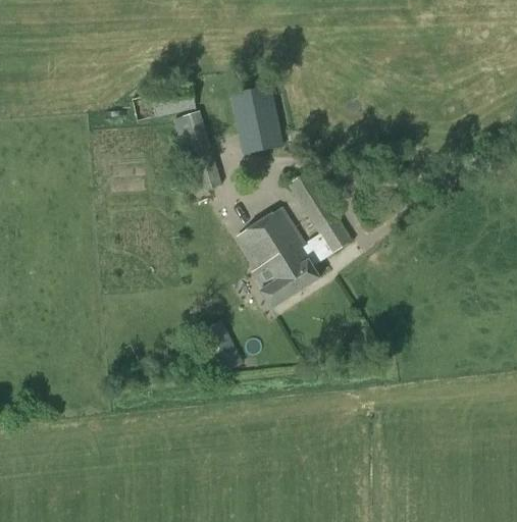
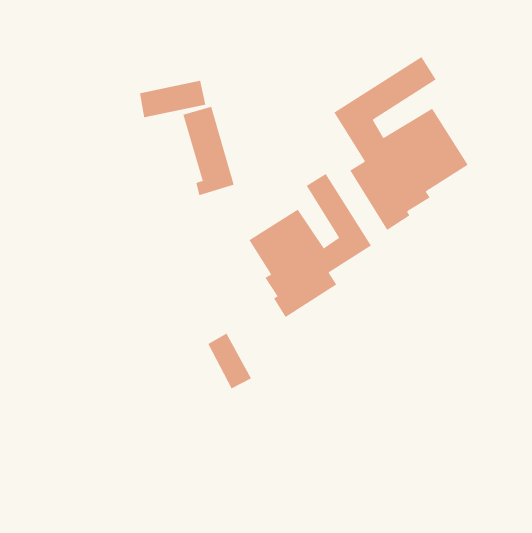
building: none -> [334,56,468,231]
building: [229,85,282,154] -> none

